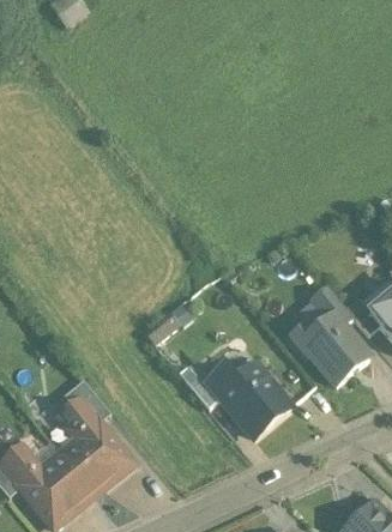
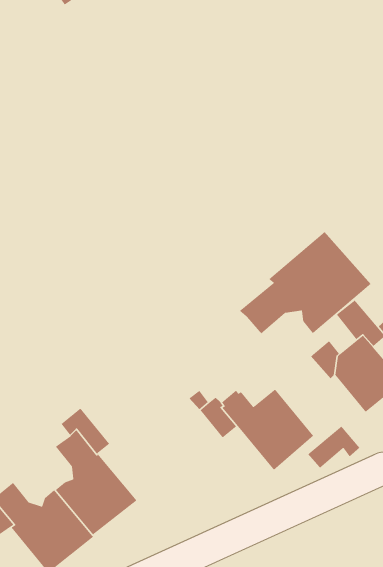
building: none -> [239,231,372,335]
building: none -> [307,425,360,469]

